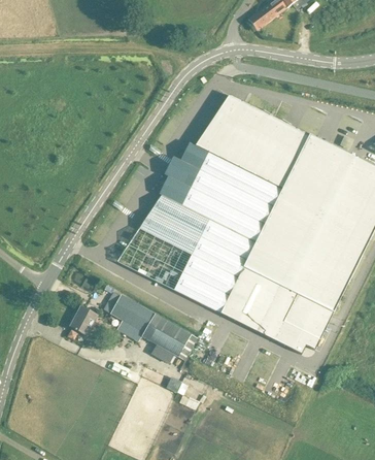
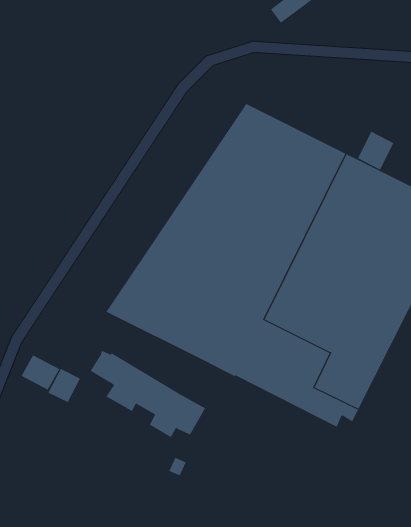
building: none -> [357,131,394,171]
building: none -> [21,355,60,391]

